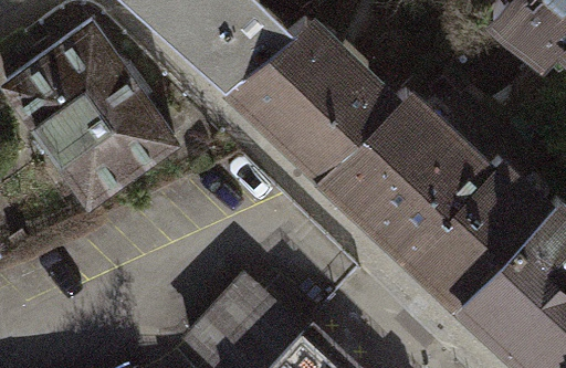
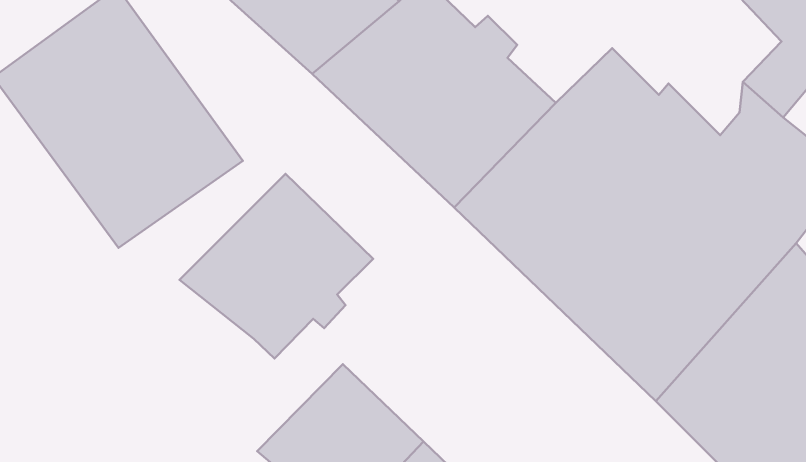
building: none -> [180,174,373,358]

